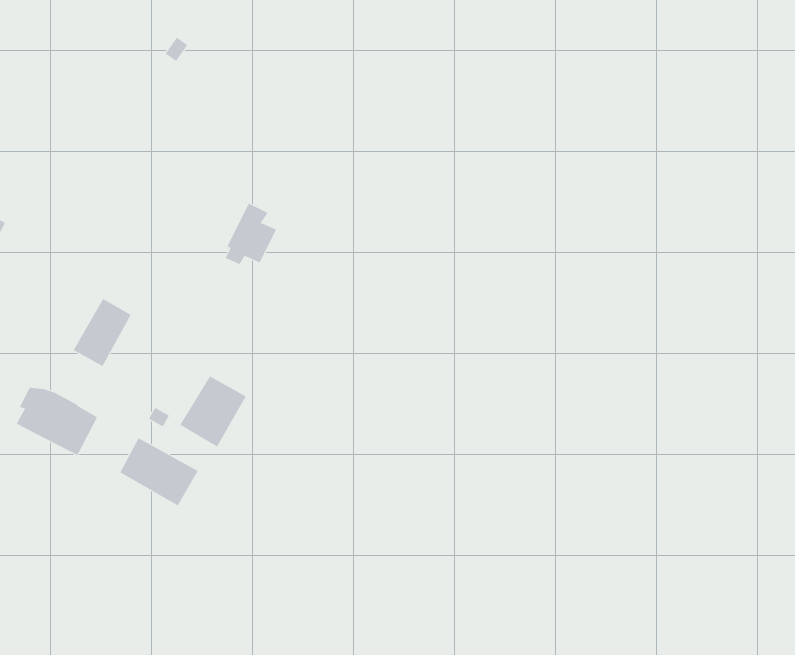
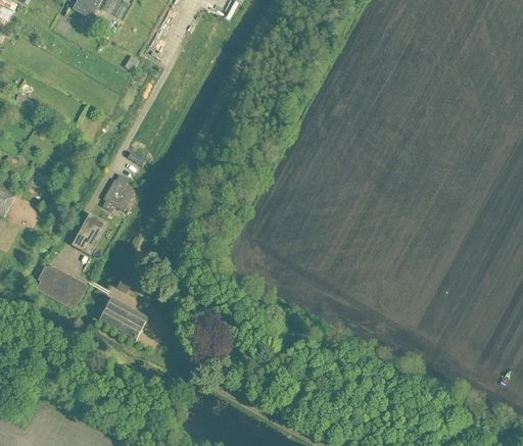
building: [225,203,277,265] -> [105,170,137,208]
building: [179,376,246,448] -> none

